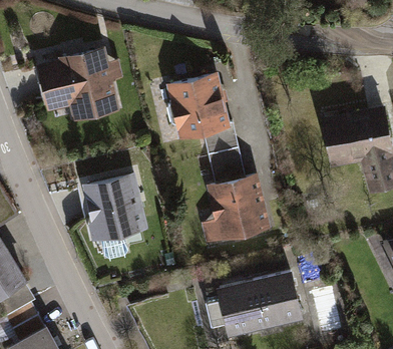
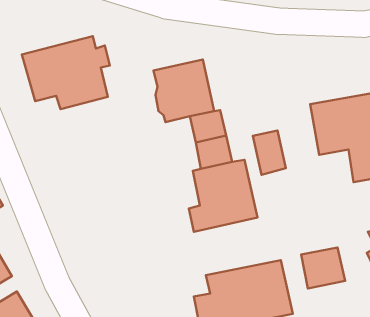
building: none -> [253,130,286,175]
building: [82,173,145,260] -> none
building: none -> [301,247,345,288]

